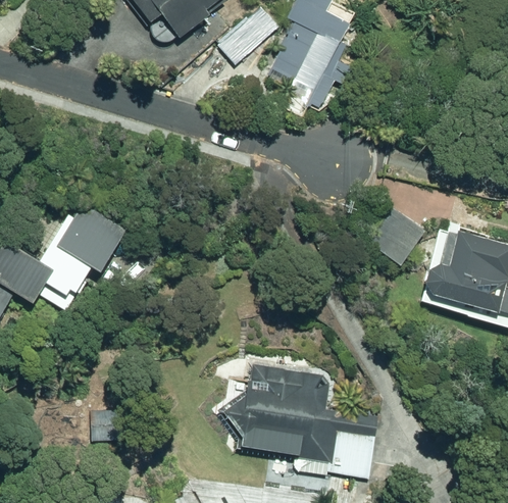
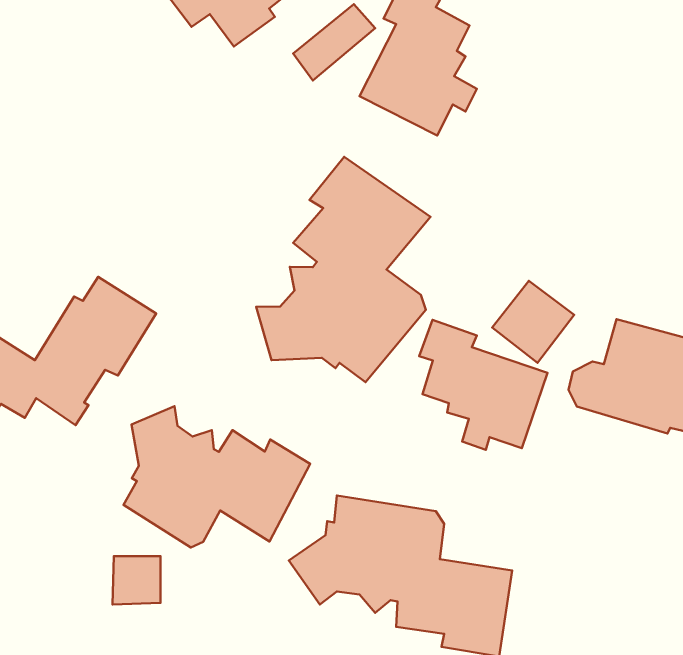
building: none -> [256,157,430,382]
building: none -> [419,320,548,450]
building: none -> [123,406,310,547]

